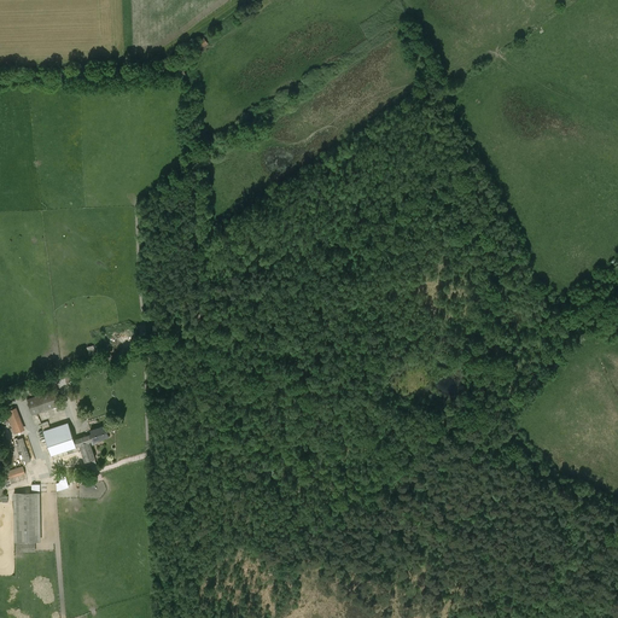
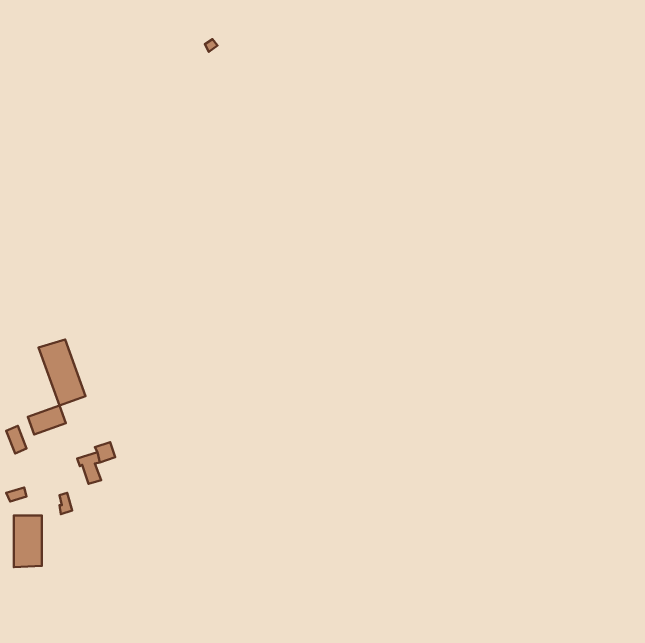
building: none -> [39,340,86,406]
building: [43,424,76,456] -> none

